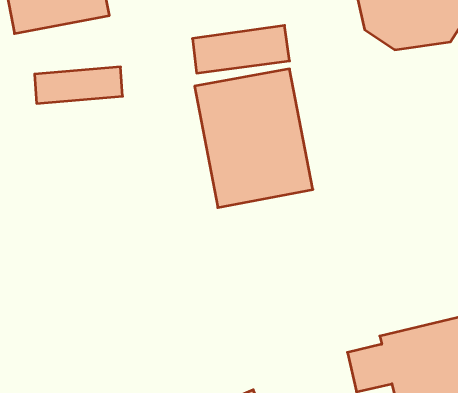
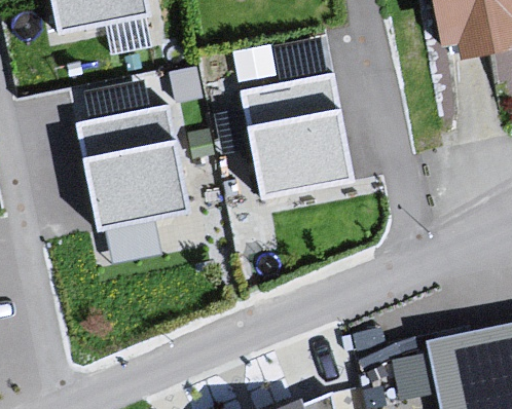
building: none -> [75,102,193,231]

